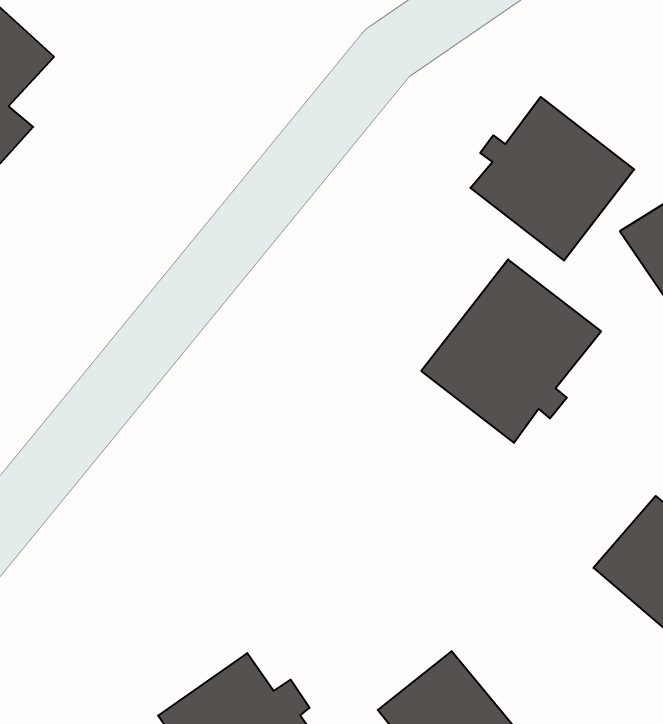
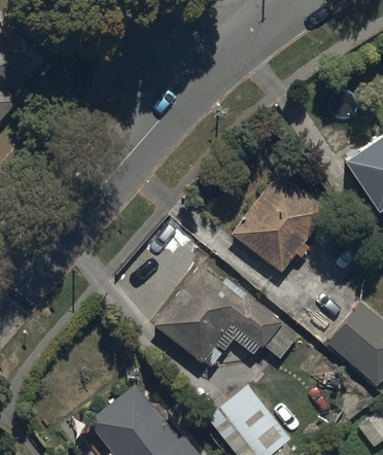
building: [470,97,634,261] -> none
building: none -> [153,268,300,363]

